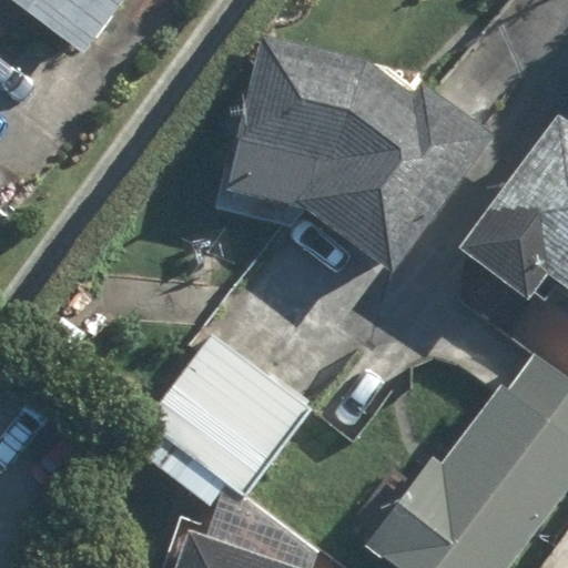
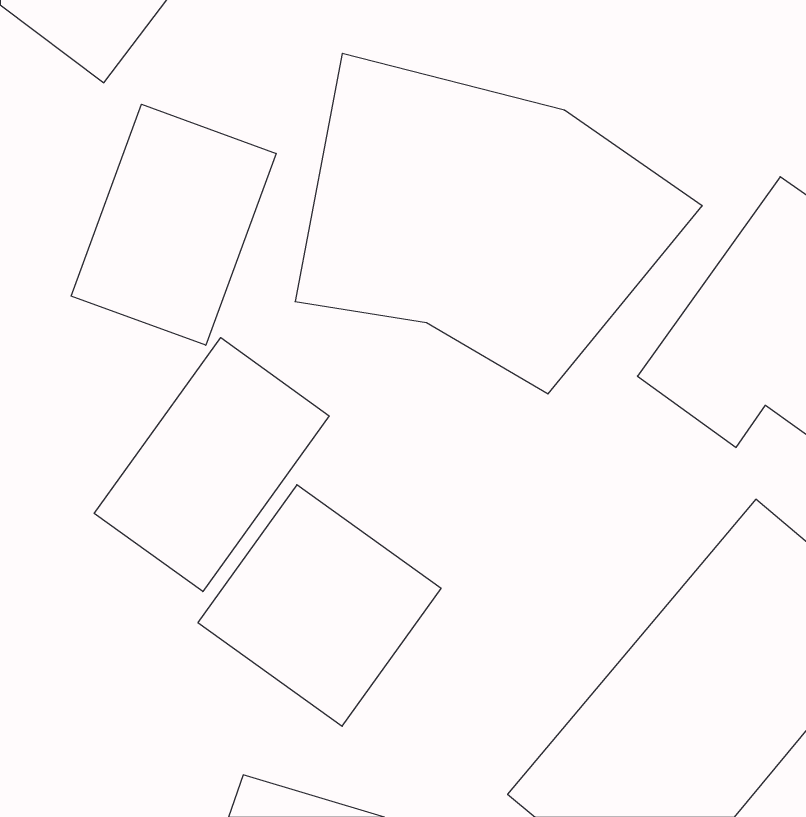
building: none -> [71,104,276,345]
building: none -> [94,338,329,592]

